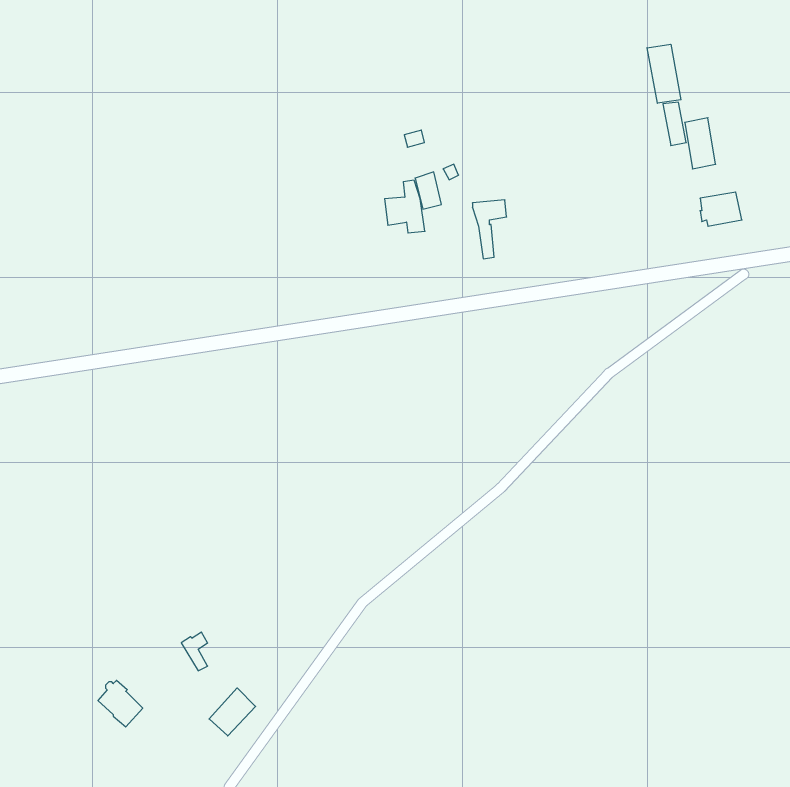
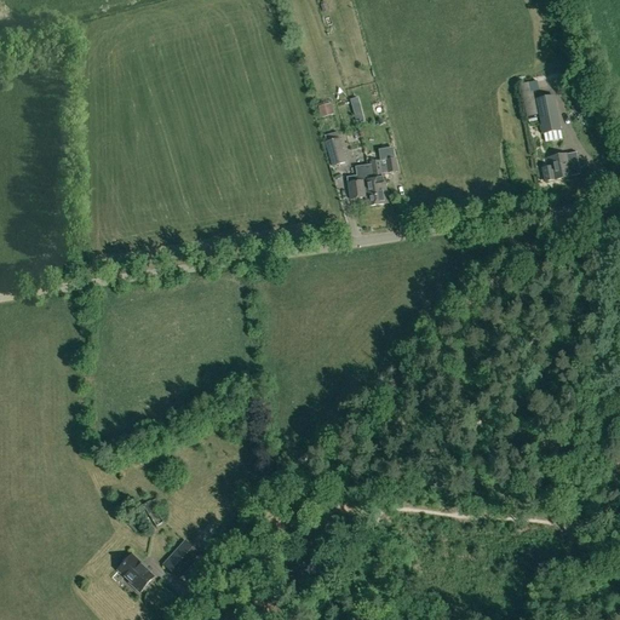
building: [647,44,681,103] -> none
building: [385,180,425,233] -> [346,162,378,203]
building: [98,680,143,727] -> [117,552,153,589]

